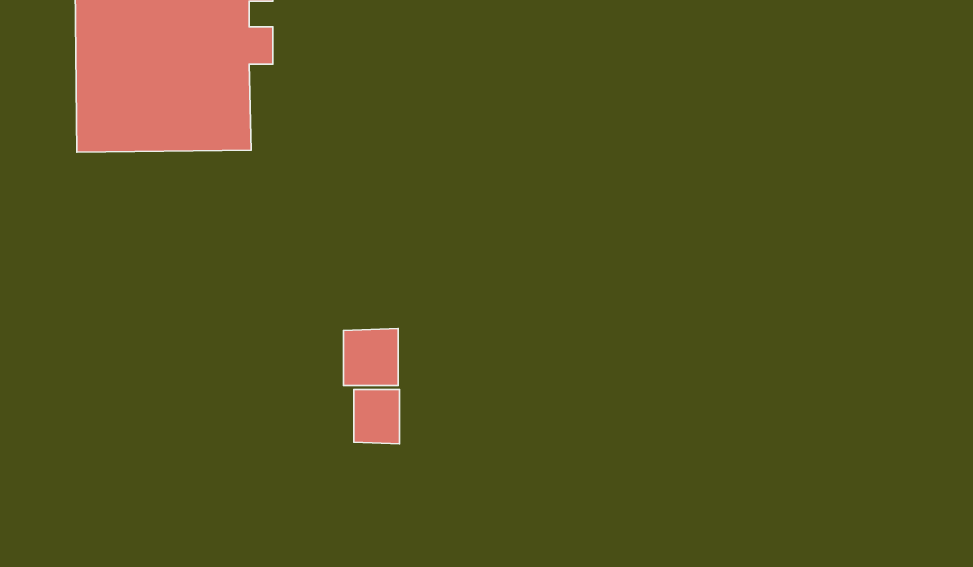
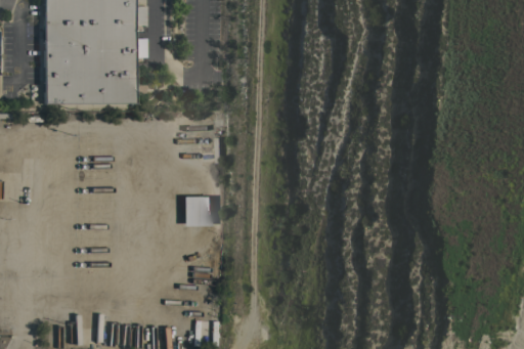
building: [354,389,399,444] -> none

